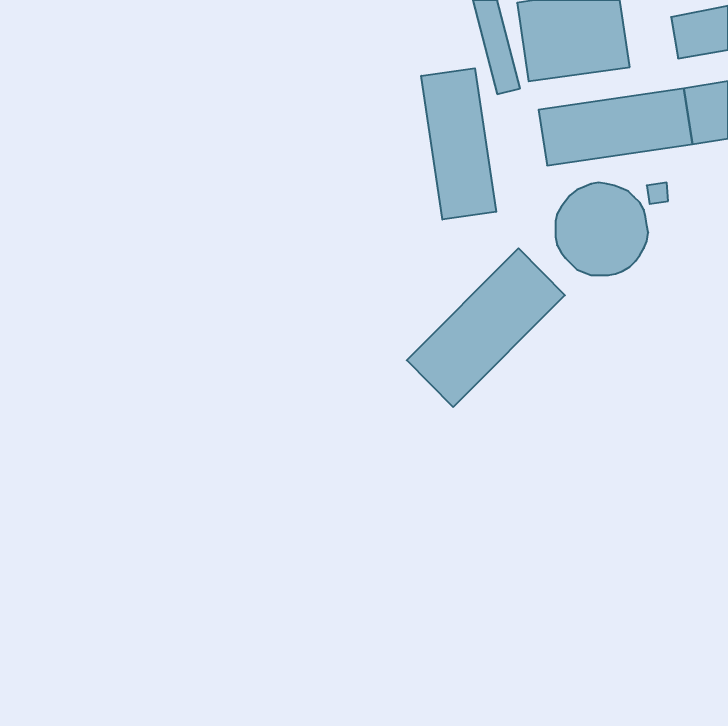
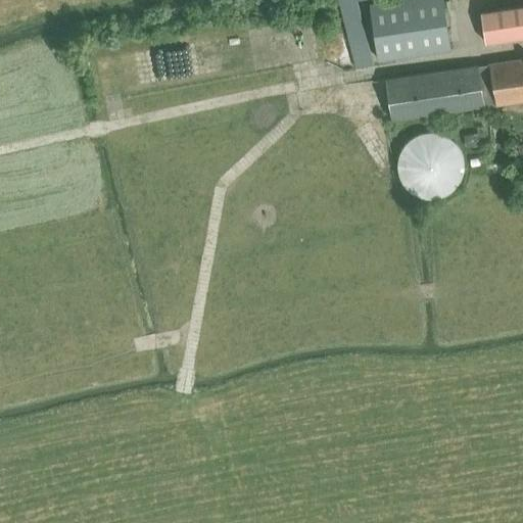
building: [421,68,496,220] -> none
building: [407,248,565,407] -> none

